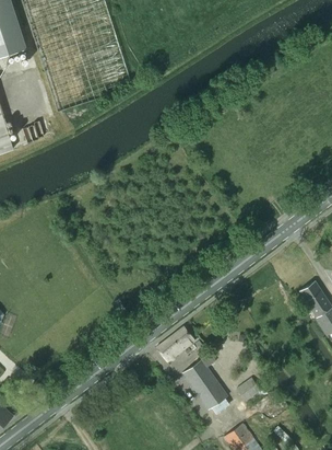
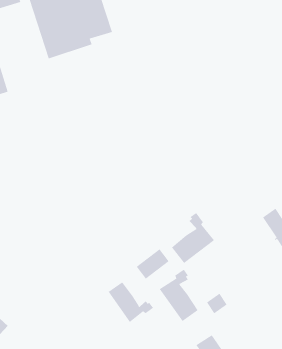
building: none -> [171,212,215,264]
building: none -> [108,281,154,323]

